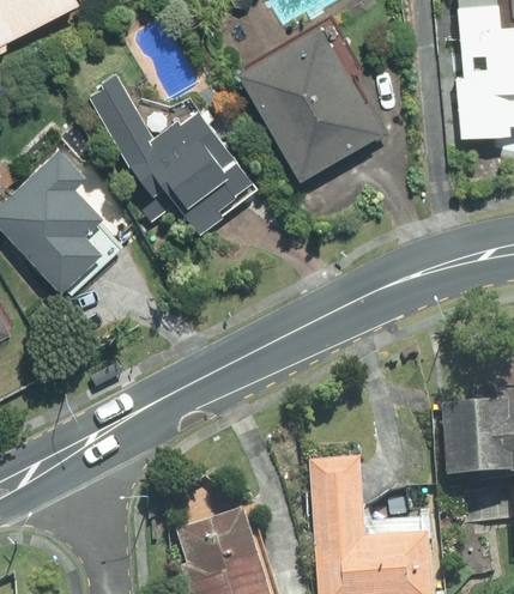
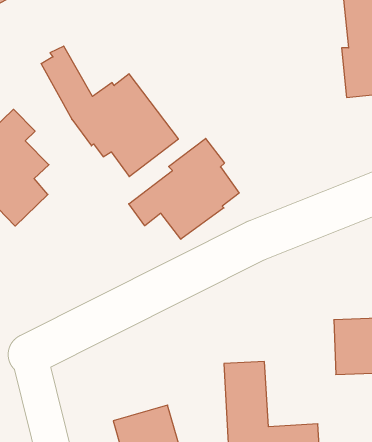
building: [231,26,388,186] -> none
building: none -> [129,138,239,239]

